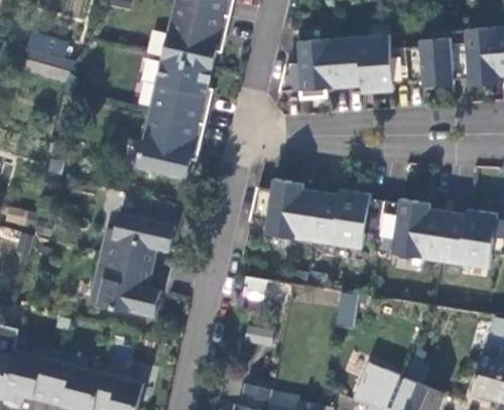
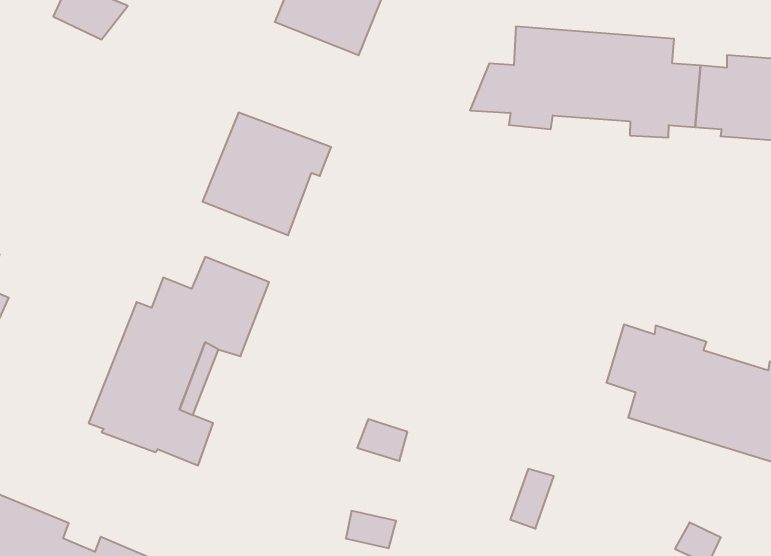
building: [147,58,211,125] -> none
building: [248,179,383,249] -> none

